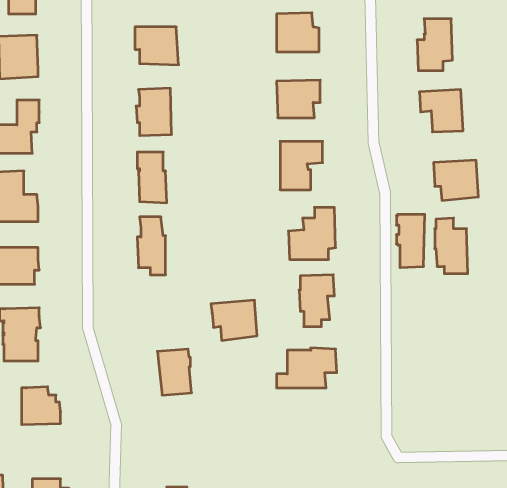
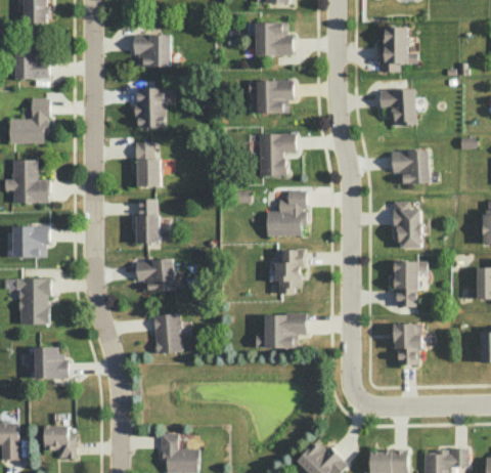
building: [396,214,425,268] -> [394,261,418,307]
building: [211,300,257,340] -> [135,258,175,293]
building: none -> [390,324,422,364]

